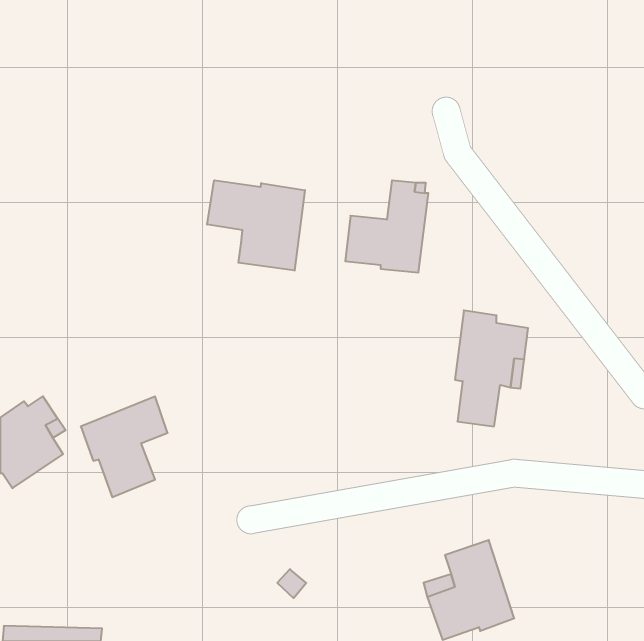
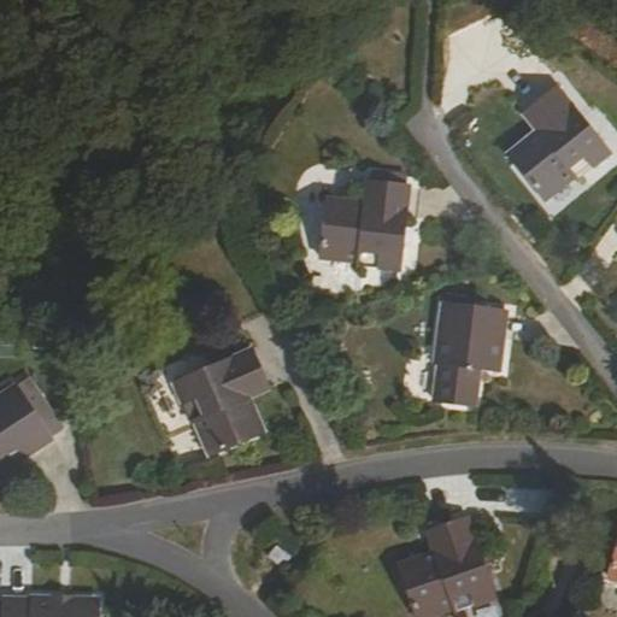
building: none -> [518,99,604,202]
building: [207,180,305,271] -> none
building: [81,396,168,497] -> [178,349,262,446]

